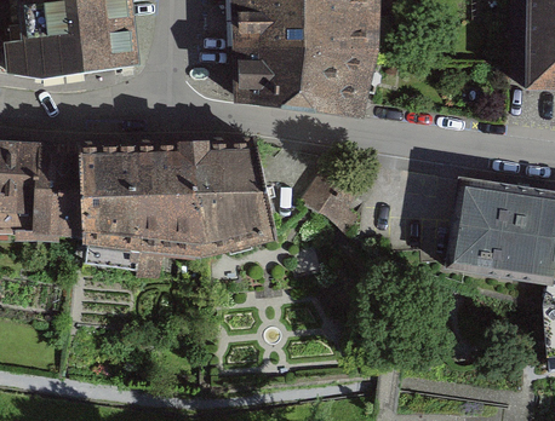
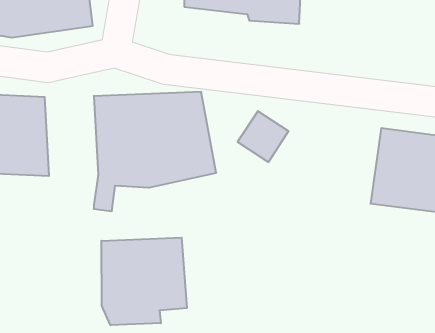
building: [240,44,371,113] -> none
building: [81,145,142,269] -> none
building: none -> [101,238,187,325]

